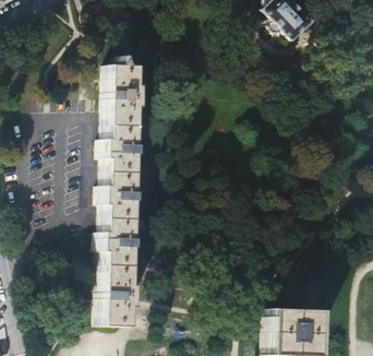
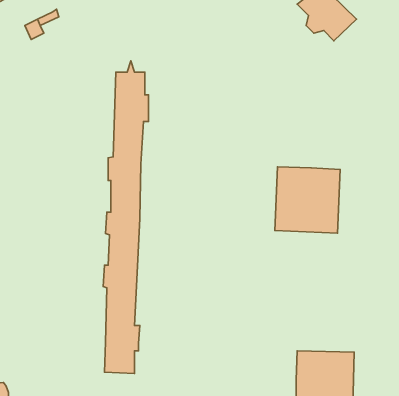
building: none -> [275,167,340,233]

